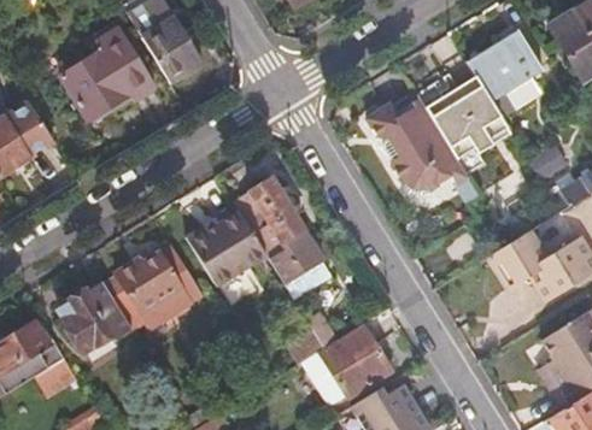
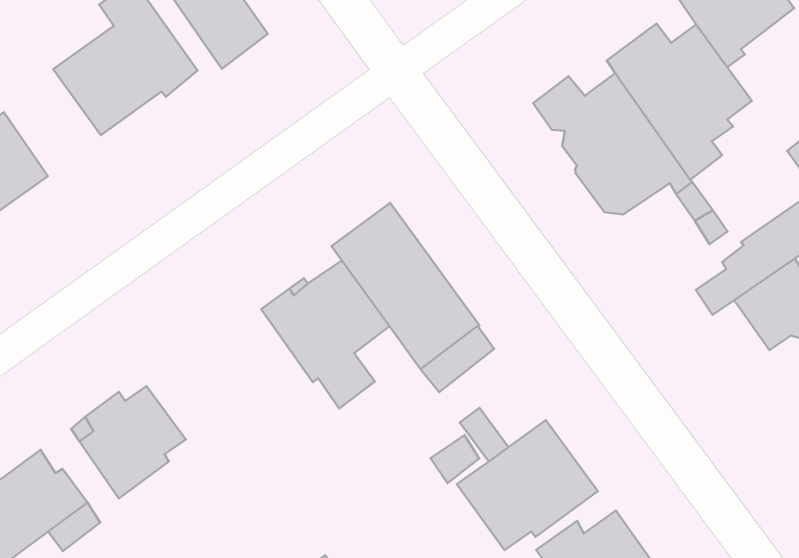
building: [107,242,203,325] -> none

